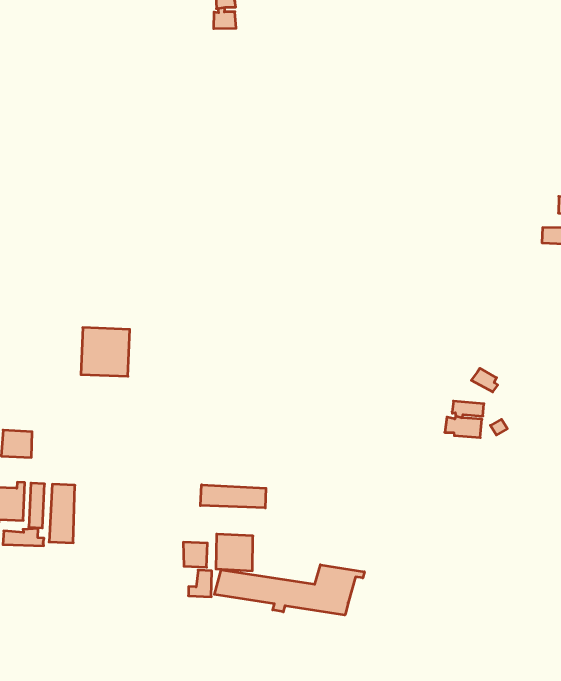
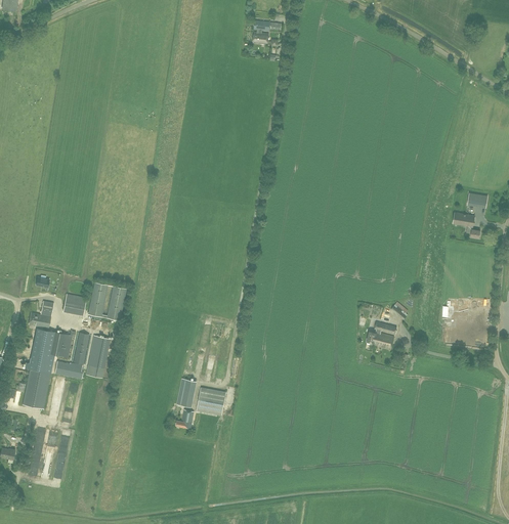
building: [81,328,130,376] -> [88,281,126,319]
building: [200,485,266,508] -> none
building: [214,565,364,615] -> none

